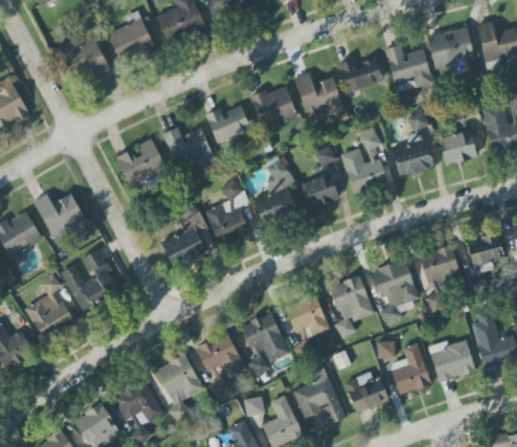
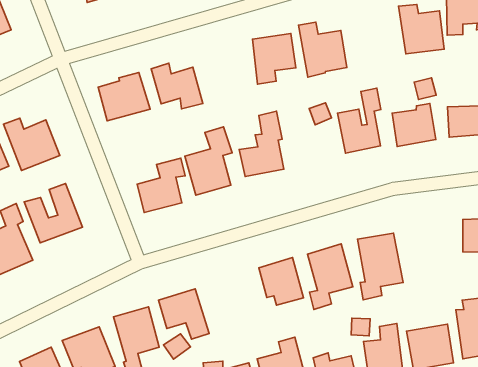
building: [337,57,382,93] -> none
building: [205,105,251,143] -> none
building: [301,175,337,208] -> none
building: [421,247,458,284] -> none
building: [240,312,289,376] -> none

